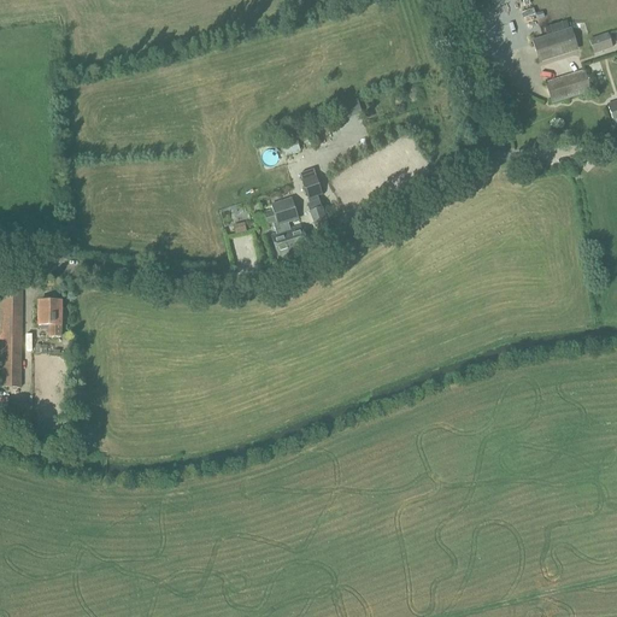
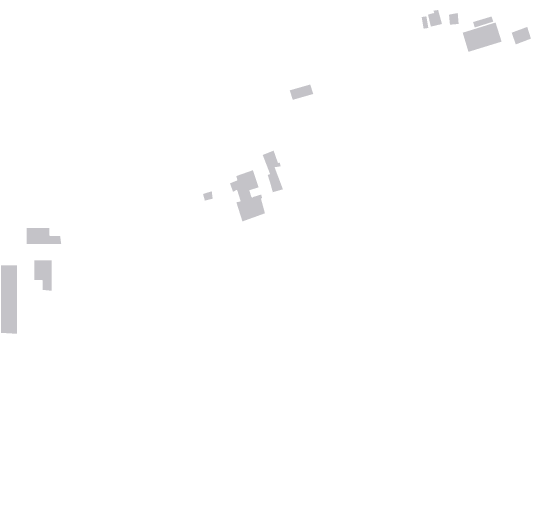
building: [545,67,592,101] -> none
building: none -> [26,227,62,245]

